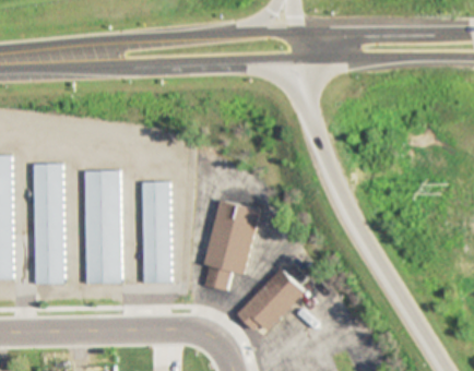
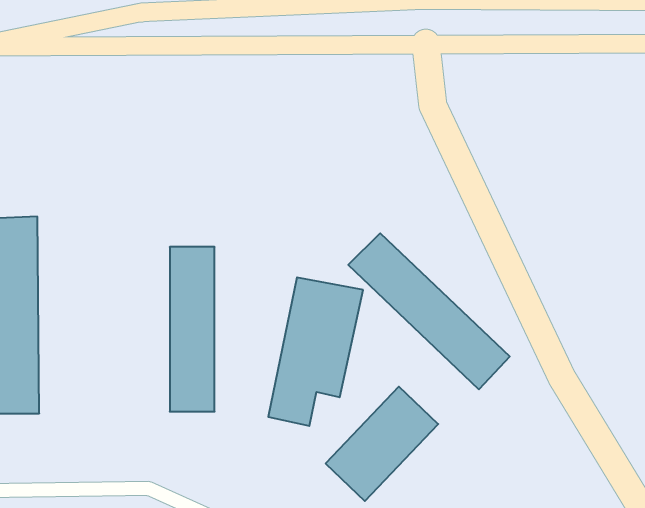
building: [84,171,120,284] -> none
building: none -> [348,233,510,389]

